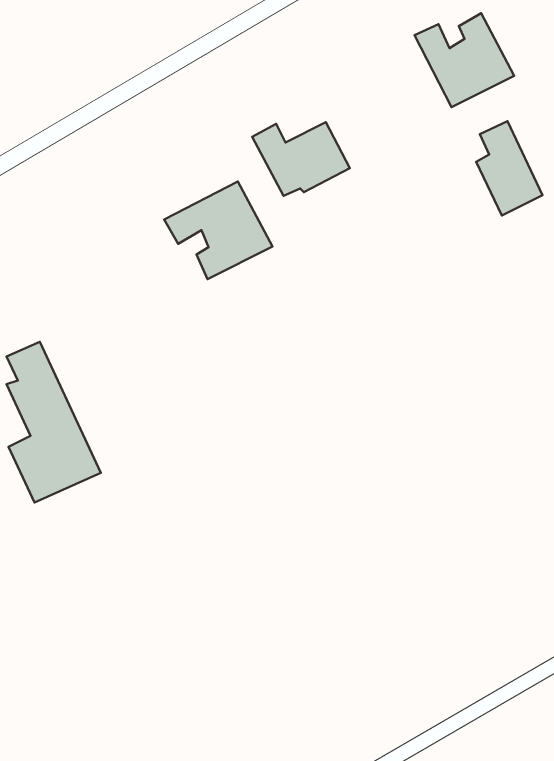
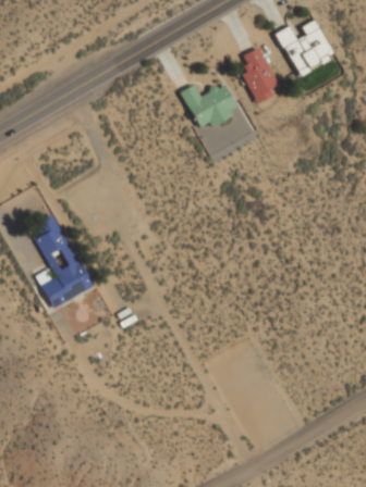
building: [476,121,543,215] -> [242,47,281,102]
building: [164,181,272,279] -> none

